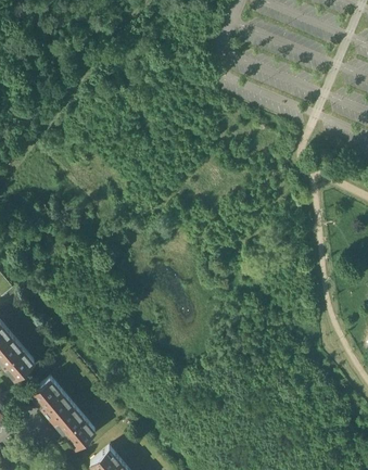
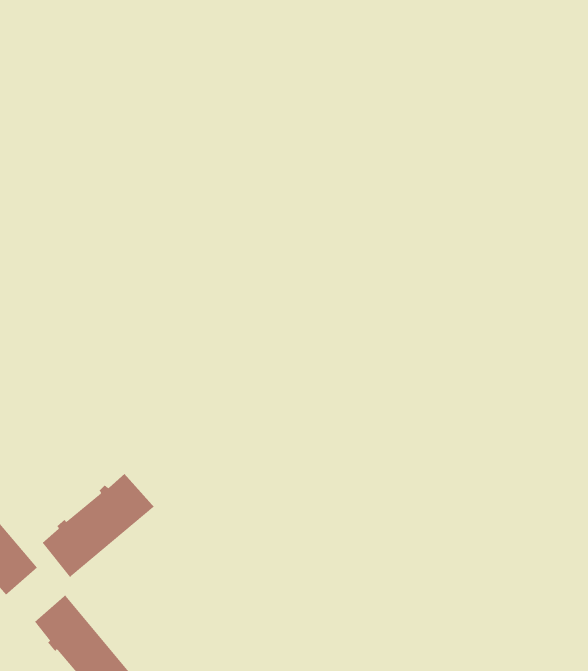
building: none -> [42,473,156,579]

